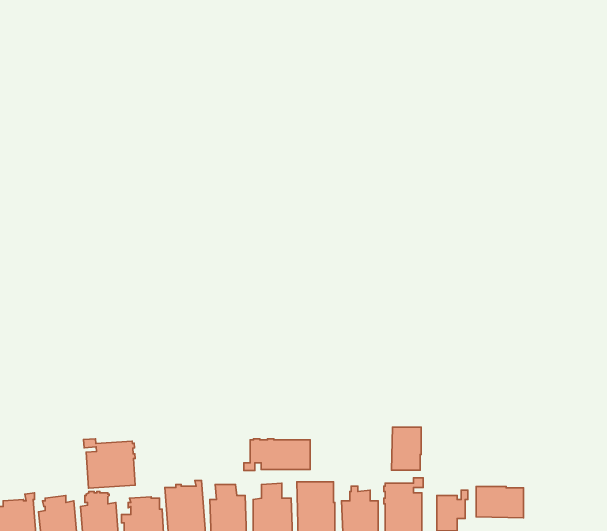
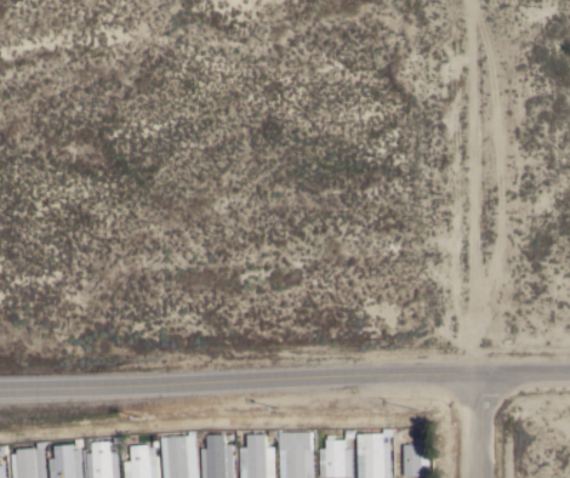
building: [391,427,421,470] -> none
building: [244,439,310,471] -> none
building: [83,439,135,488] -> none
building: [476,487,524,518] -> none

